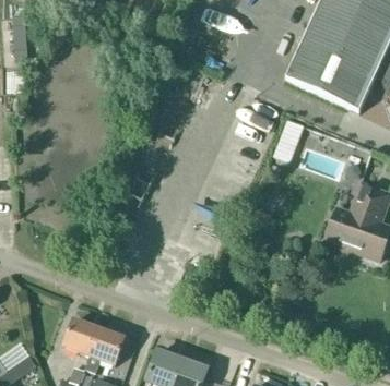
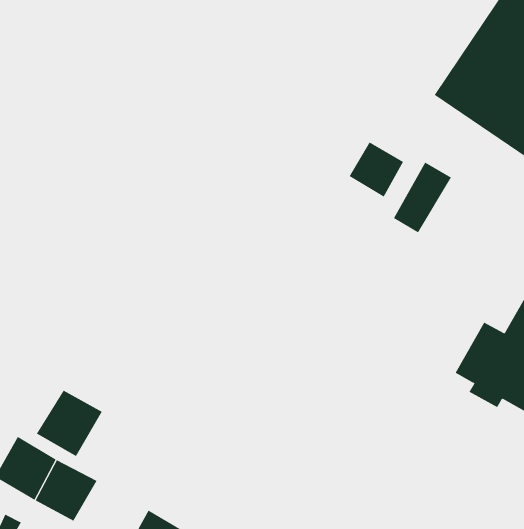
building: none -> [349,142,404,197]
building: none -> [36,390,102,457]

